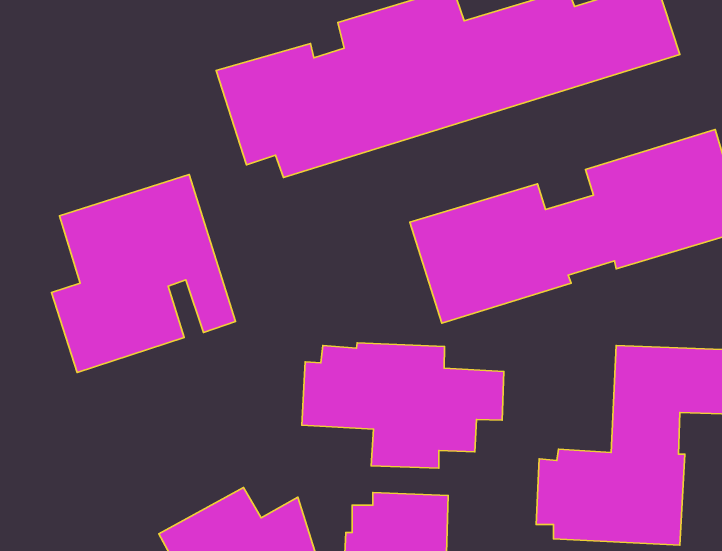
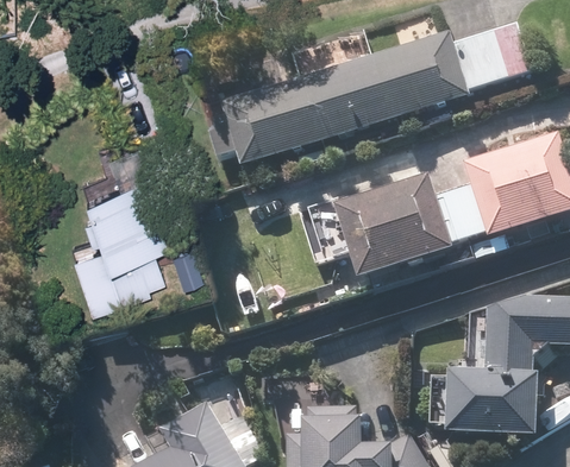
building: [302,343,504,468] -> none

